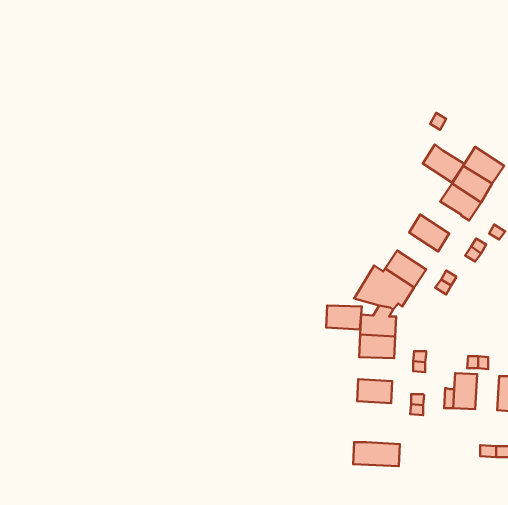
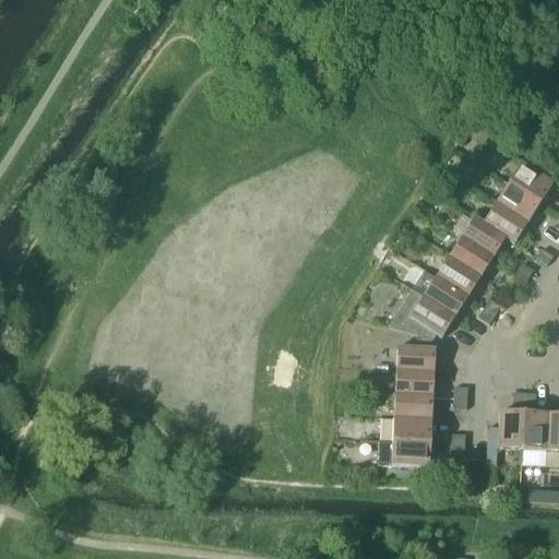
building: [423,145,464,183] -> [462,214,507,255]
building: none -> [437,254,481,295]
building: [326,305,362,329] -> [394,391,433,417]
building: none -> [522,409,548,449]
building: [353,442,400,466] -> [379,439,430,465]

